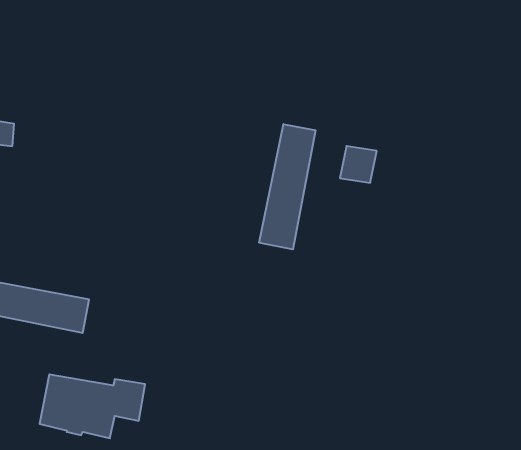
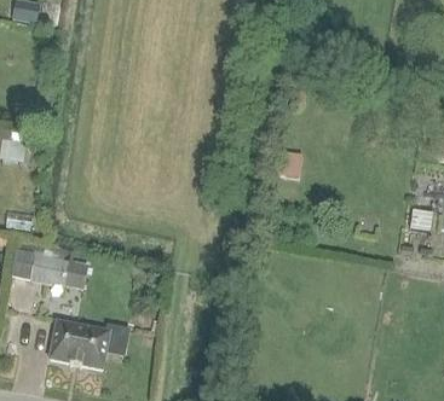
building: [259,124,316,249] -> none

